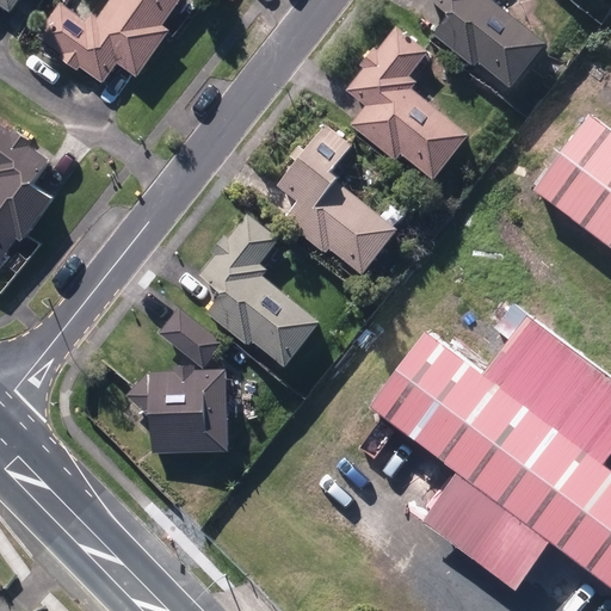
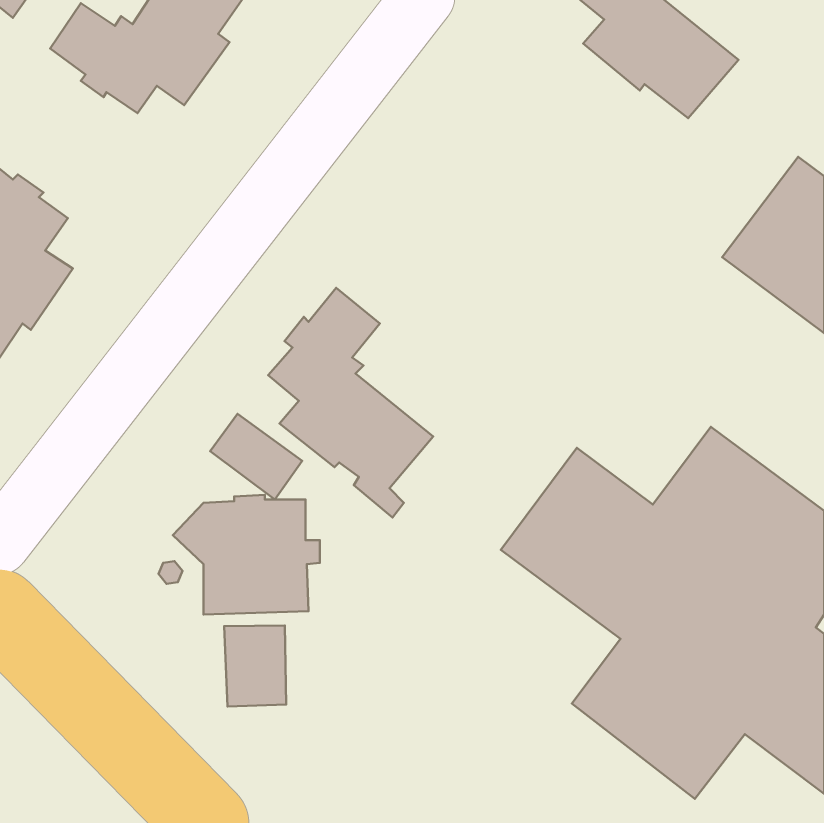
building: [345,26,469,180] -> none
building: [277,125,397,274] -> none
building: none -> [224,625,286,706]

